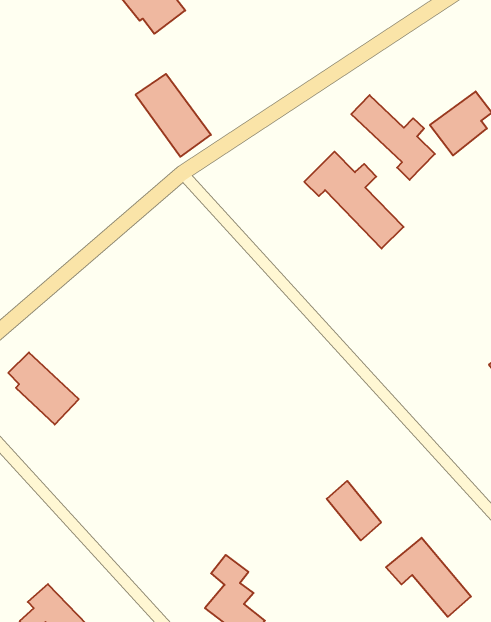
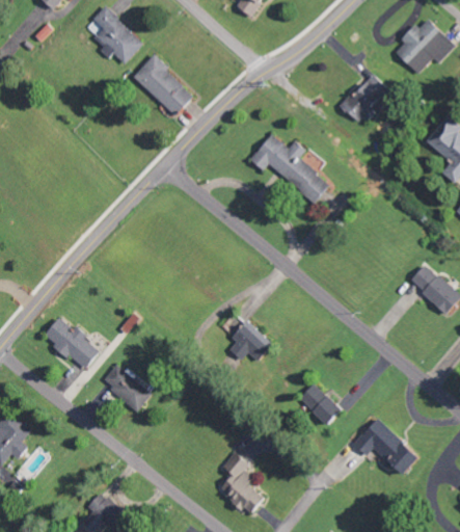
building: [136,74,211,157] -> [133,55,194,116]
building: [351,95,435,180] -> none
building: none -> [229,320,275,363]
building: none -> [102,364,152,411]

